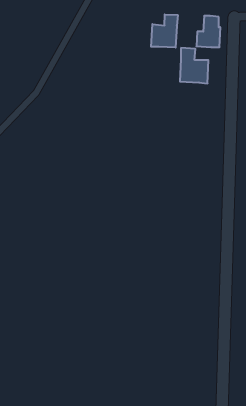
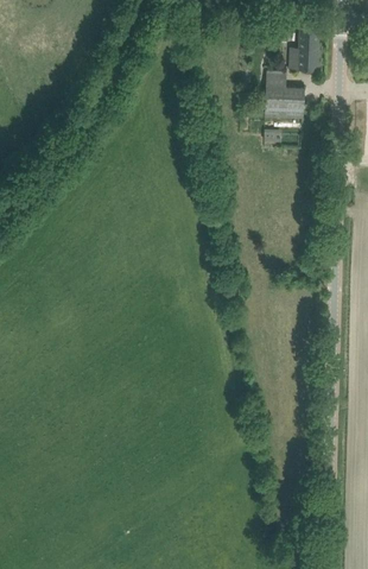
building: [151,14,178,48] -> none

